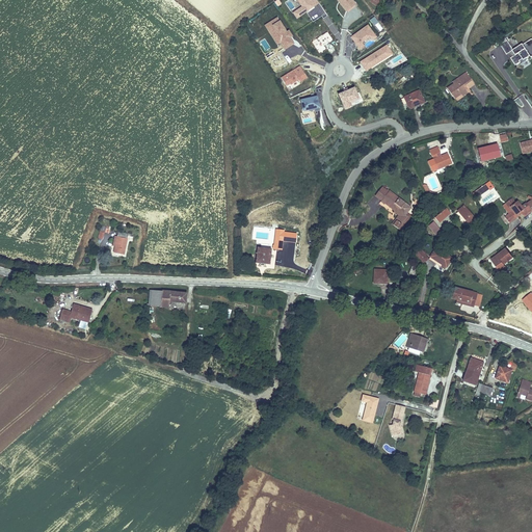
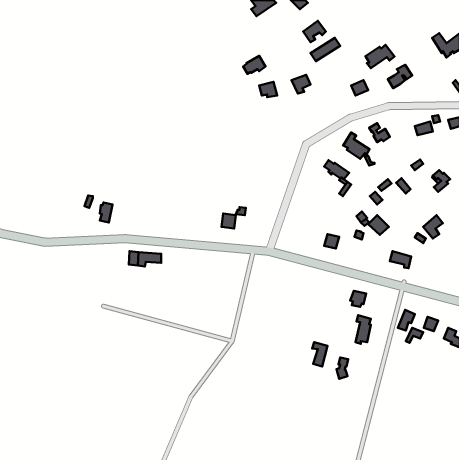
building: [265,17,294,49] -> none
building: none -> [366,45,394,68]
building: none -> [343,132,370,159]
building: [60,303,94,323] -> none

